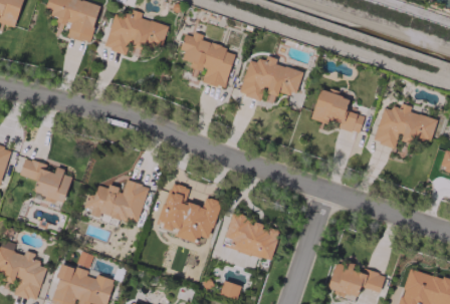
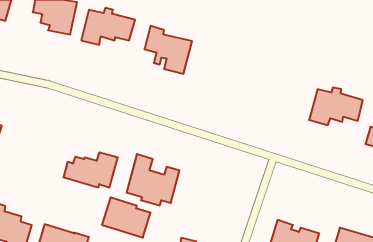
building: [240,56,303,103] -> none
building: [312,90,365,133] -> none
building: [20,160,72,205] -> none
building: [223,214,280,261] -> [102,197,151,238]

